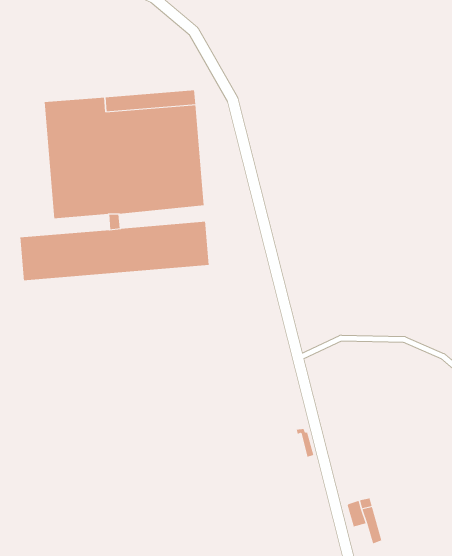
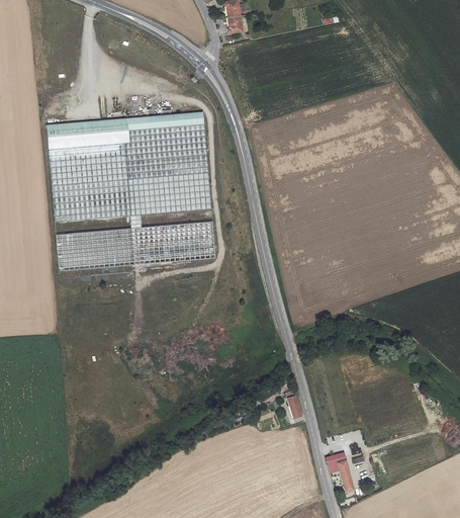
building: none -> [48,122,85,223]

